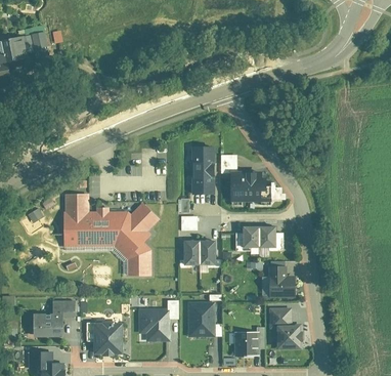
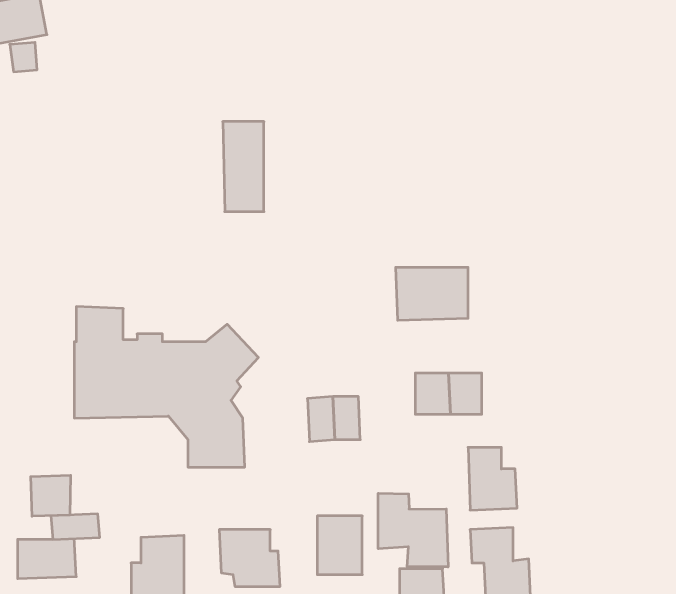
building: [192,145,214,193] -> [223,122,264,212]
building: none -> [31,475,71,516]
building: none -> [378,493,448,567]

